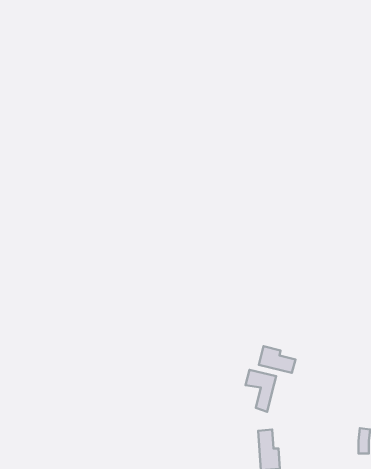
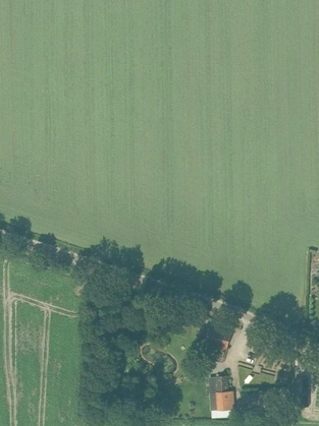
building: [259,346,296,373] -> none

